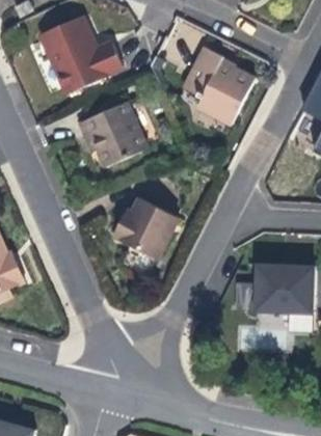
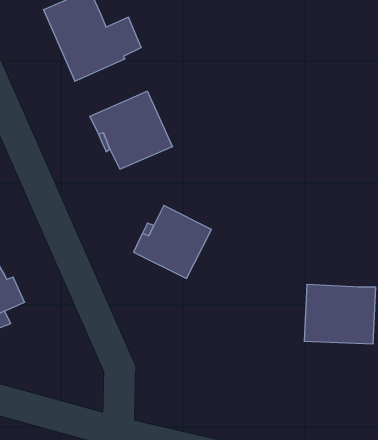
building: [183,47,256,124] -> none

